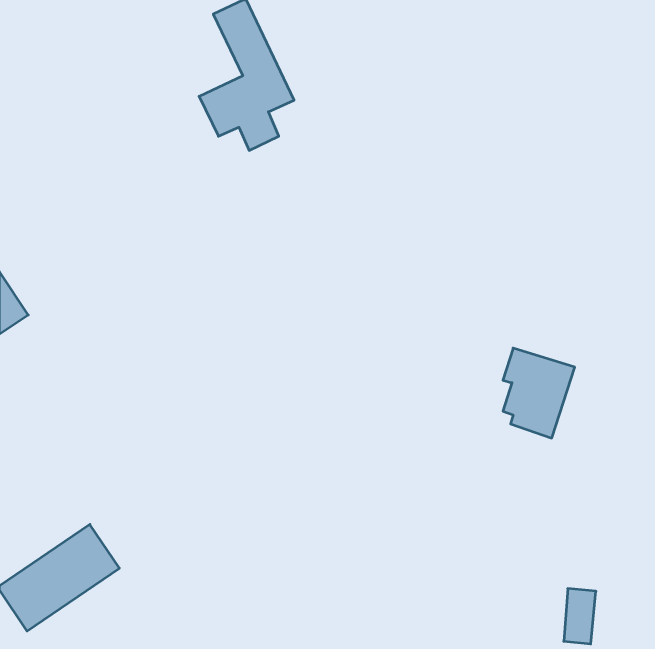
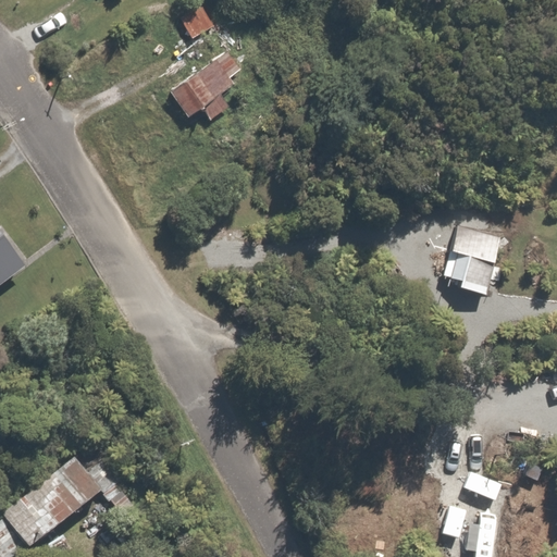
building: [503,348,575,438] -> [447,227,508,304]

